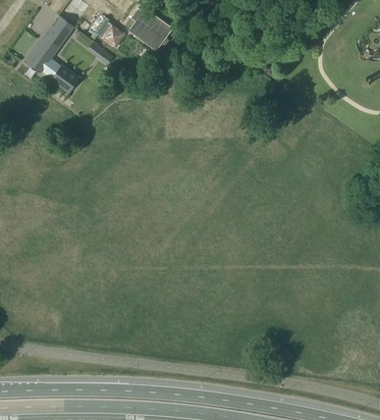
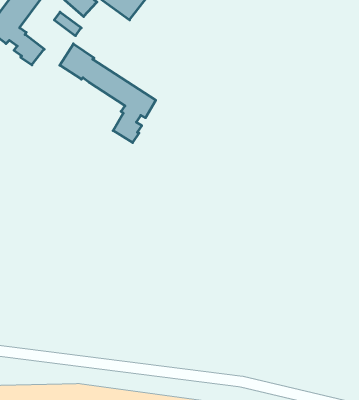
building: none -> [60,44,156,143]

